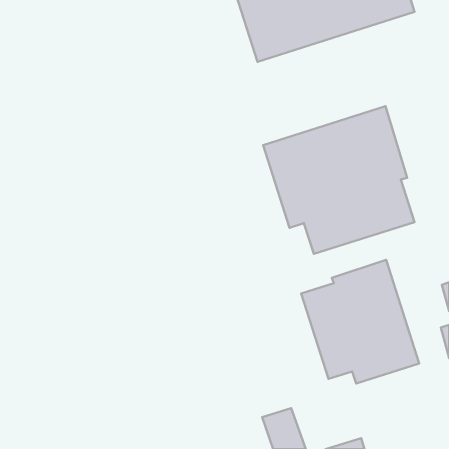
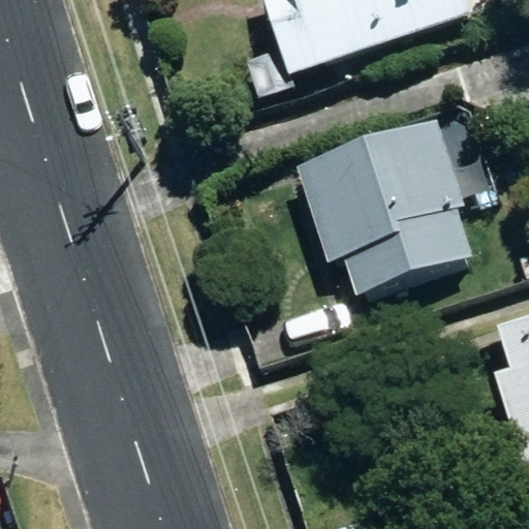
building: [301,260,419,384] -> none

